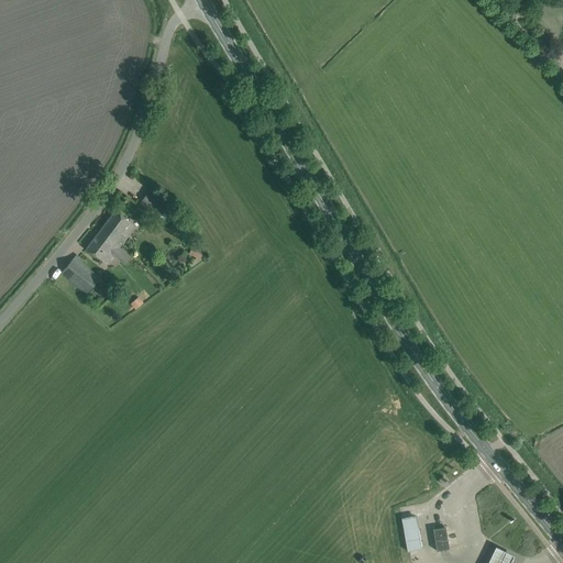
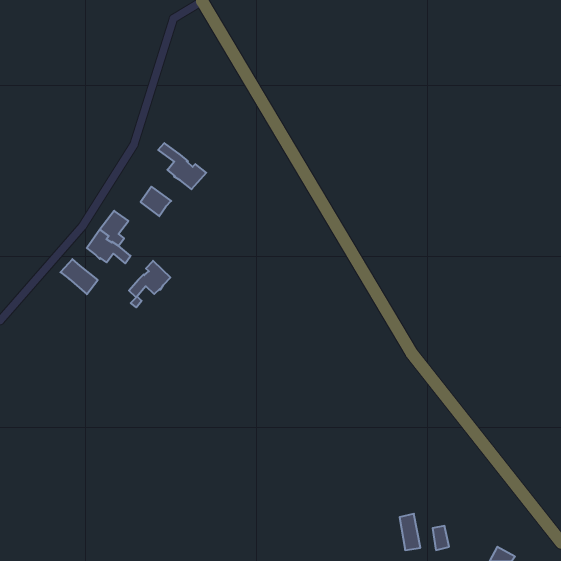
building: none -> [158,143,206,189]
building: none -> [129,261,170,298]

